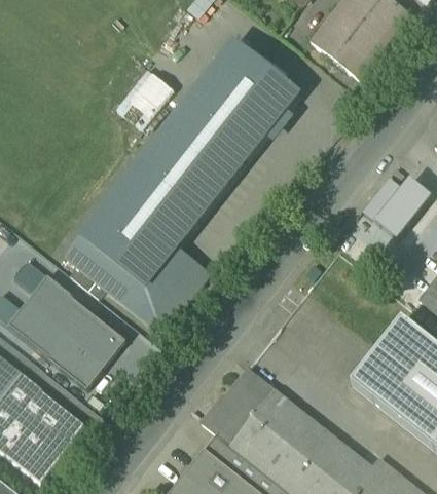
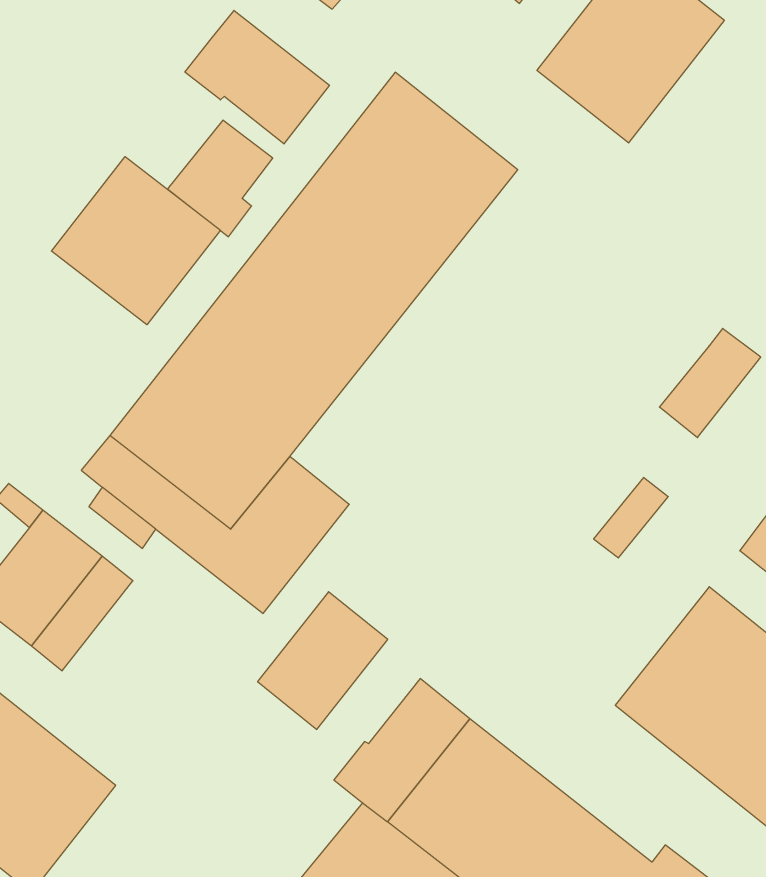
building: none -> [185,10,329,144]
building: none -> [51,157,221,325]
building: [363,178,403,221] -> [594,478,668,558]
building: [56,314,125,388] -> [258,592,388,729]

